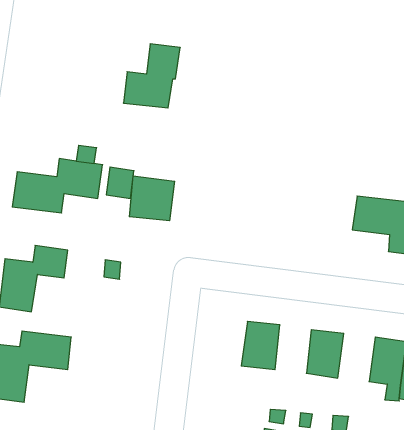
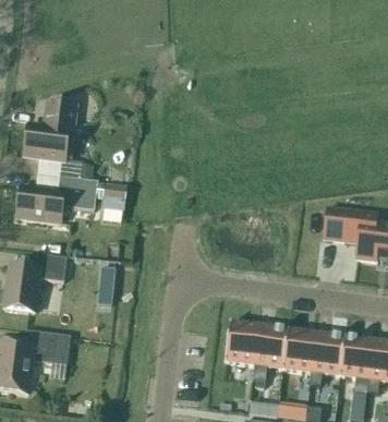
building: [123,44,180,108] -> [25,100,76,158]
building: [129,176,175,221] -> none
building: none -> [253,324,288,379]
building: none -> [310,331,345,385]

